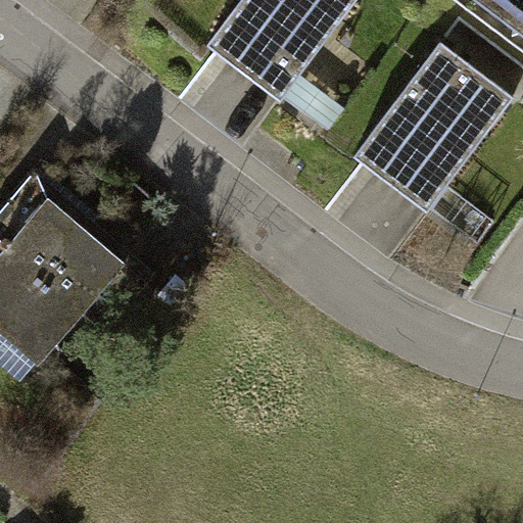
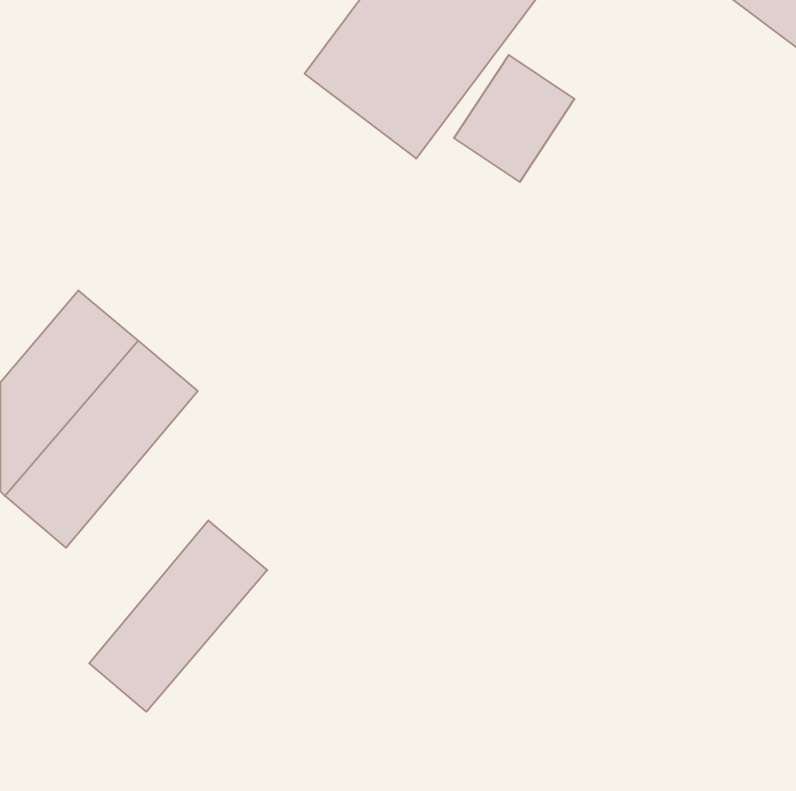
building: [349,44,511,217] -> none
building: none -> [89,520,267,712]

